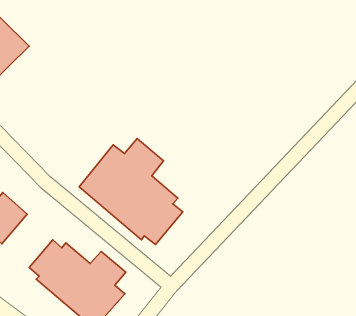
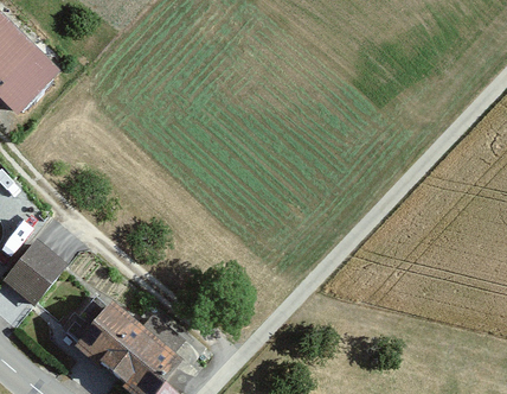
building: [79,139,183,245] -> none

